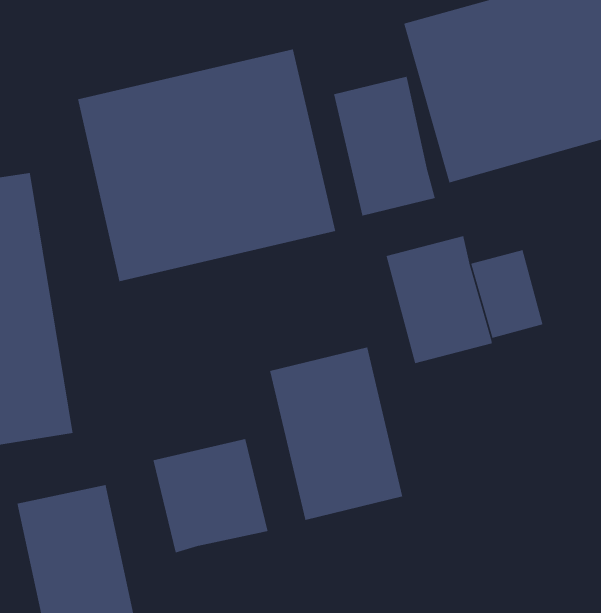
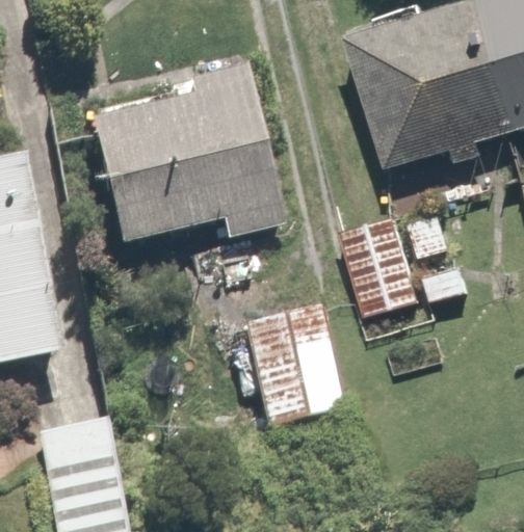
building: [333,76,436,217] -> none
building: [152,438,268,553] -> none

